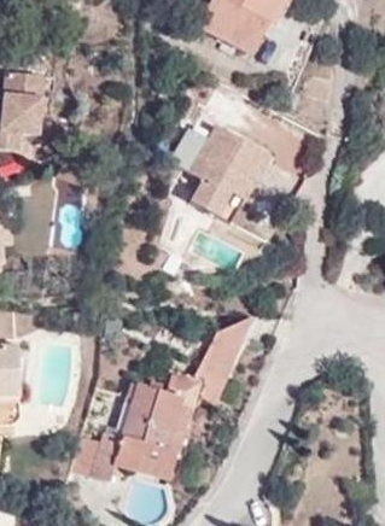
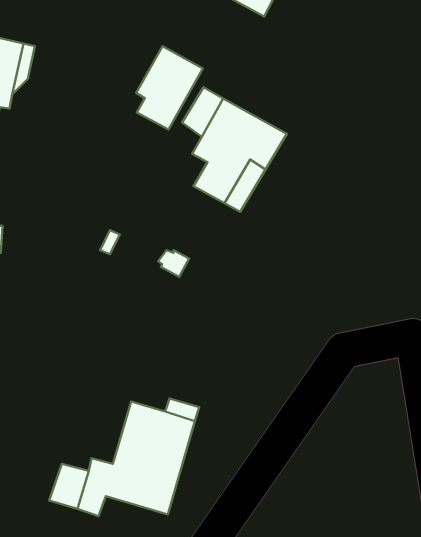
building: none -> [136,46,203,129]
building: [198,314,252,402] -> none

